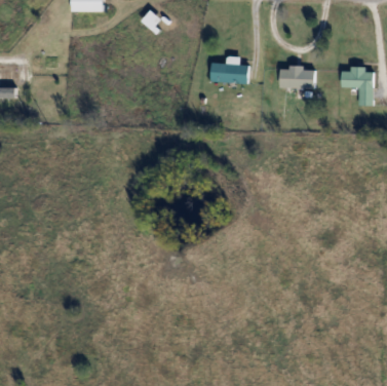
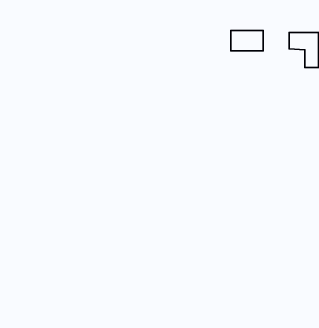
building: [211,64,248,82] -> none

